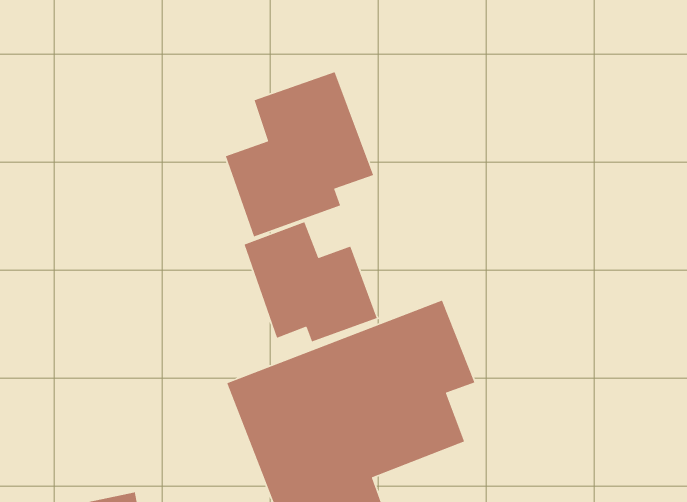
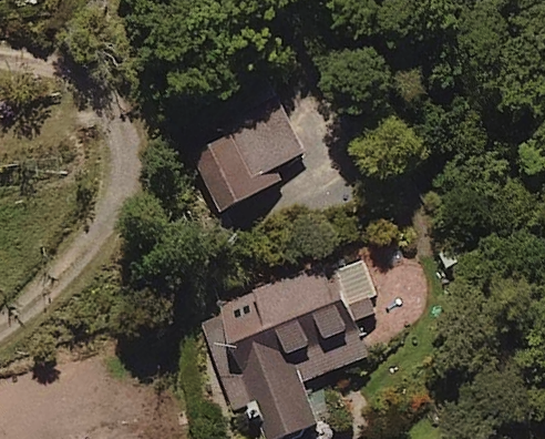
building: [243,221,378,343] -> none

